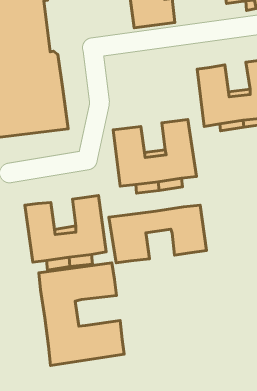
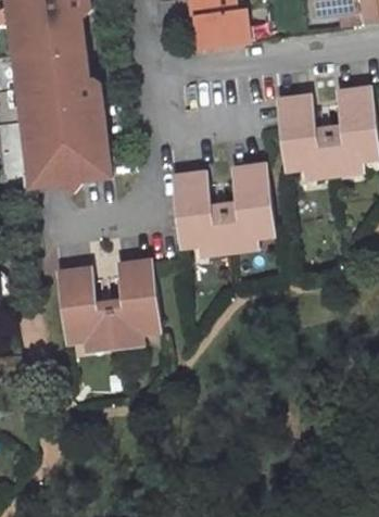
building: [109,205,206,263] -> none
building: [39,263,124,365] -> none

